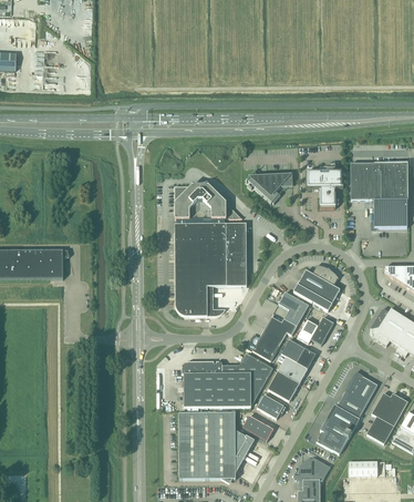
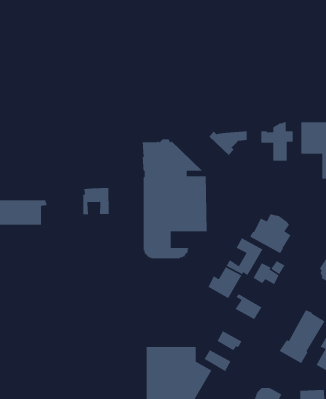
building: none -> [82,187,110,215]
building: [280,339,315,369] -> none
building: [182,352,272,407] -> none
building: [267,371,299,401] -> none
building: [315,418,351,453] -> none

